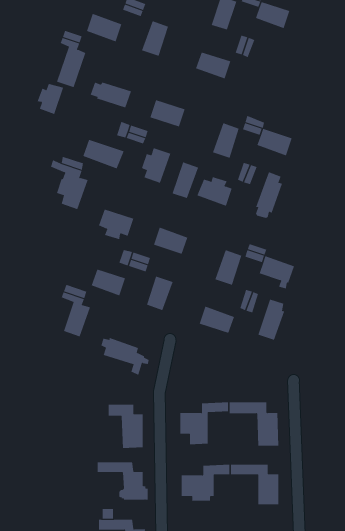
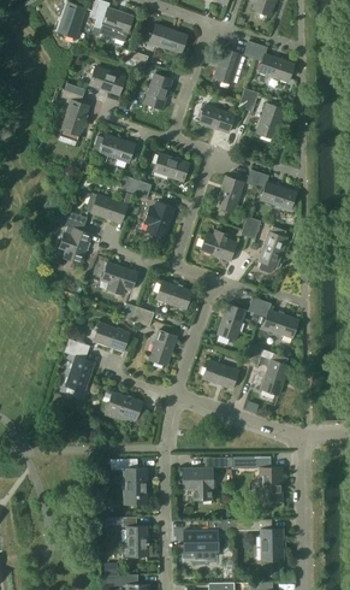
building: none -> [256,104,284,140]
building: [37,83,64,115] -> none
building: [172,161,199,199] -> none

